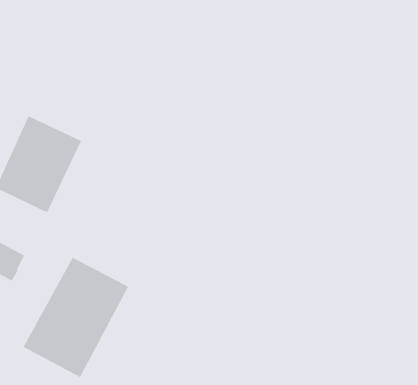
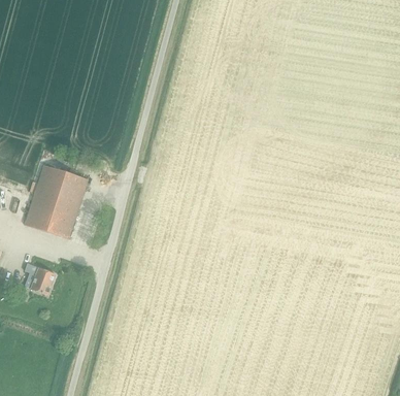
building: [23,257,129,378] -> none

